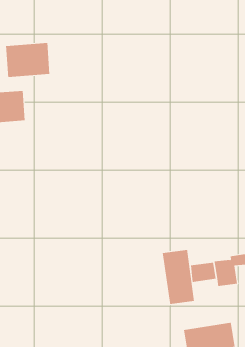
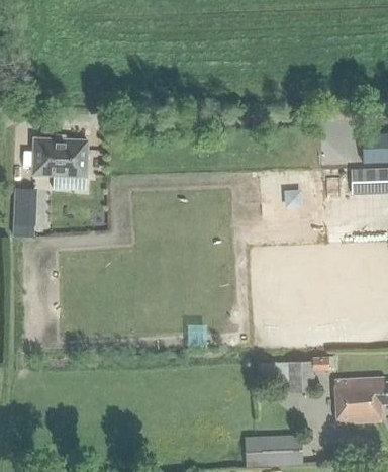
building: [6,42,50,78] -> none
building: [162,249,194,305] -> none

